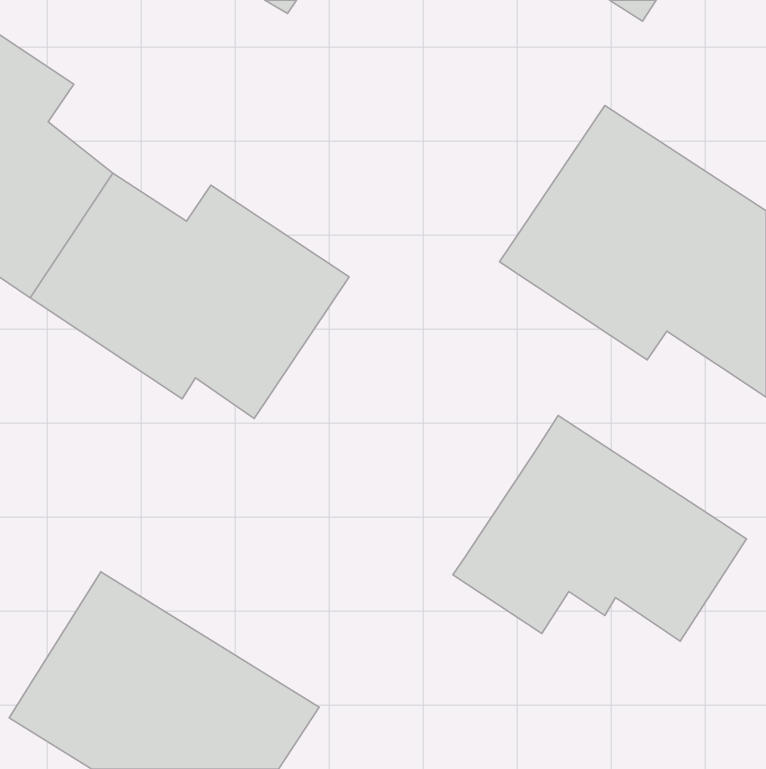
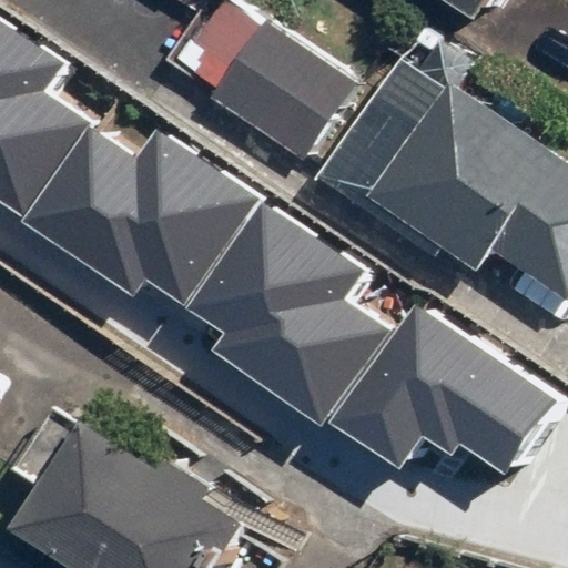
building: none -> [229,16,372,153]
building: none -> [187,204,394,428]

